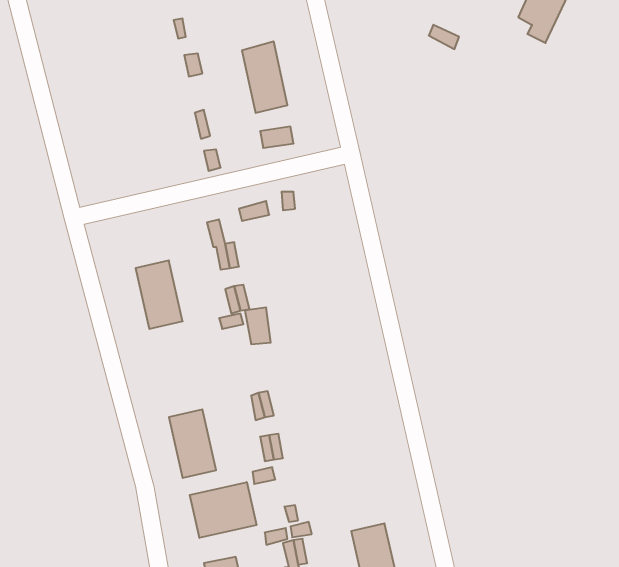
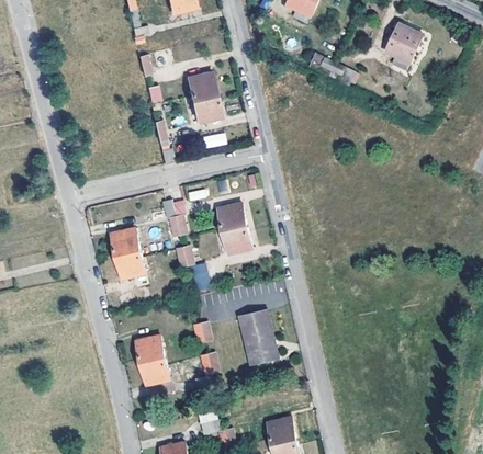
building: none -> [217,204,251,253]
building: none -> [238,309,278,364]
building: [190,482,256,538] -> none

